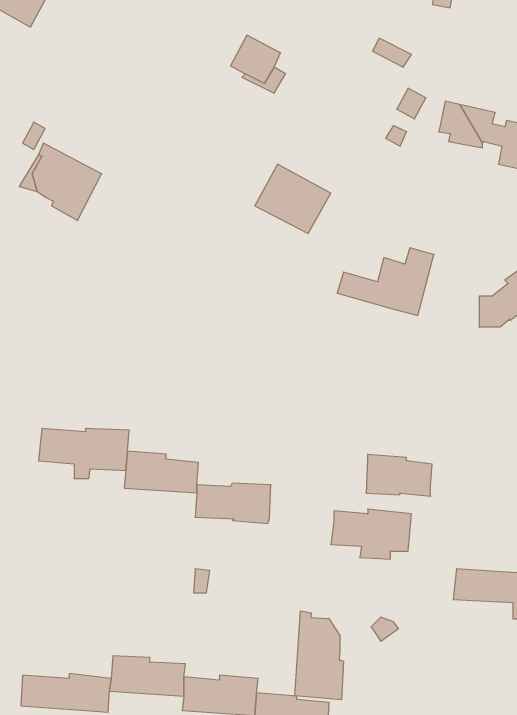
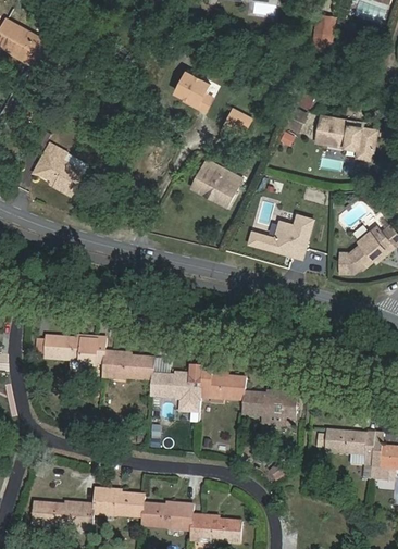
building: none -> [223,107,252,137]
building: [366,454,432,496] -> [201,371,246,399]
building: [295,611,343,700] -> none

